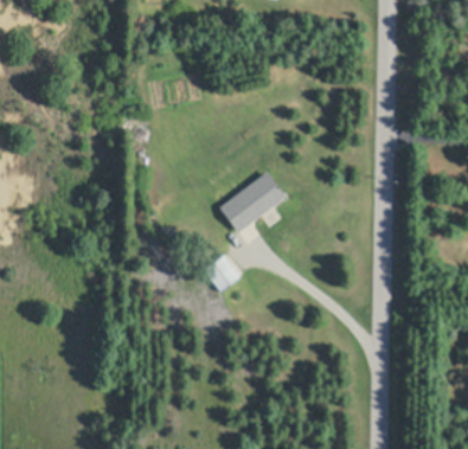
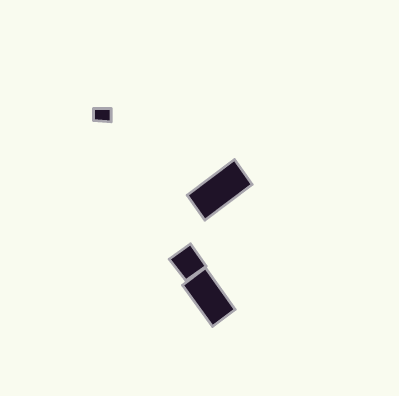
building: none -> [183,268,235,327]

